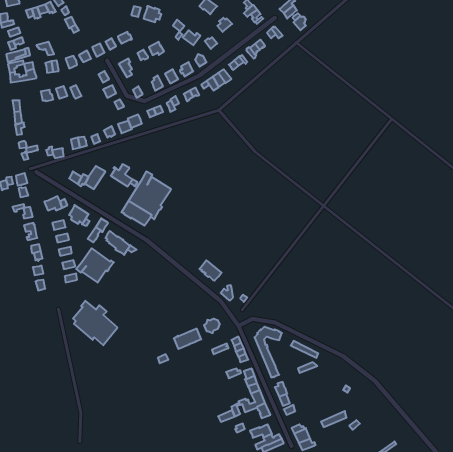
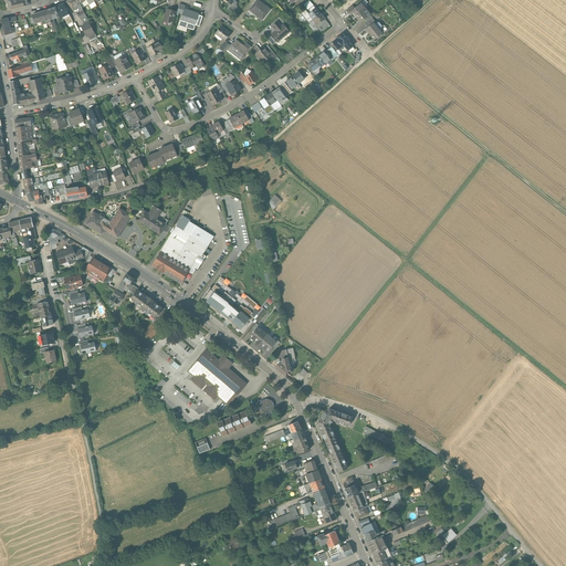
building: none -> [201,275,259,332]
building: [76,248,114,283] -> none
building: [73,301,117,345] -> [190,348,245,403]

